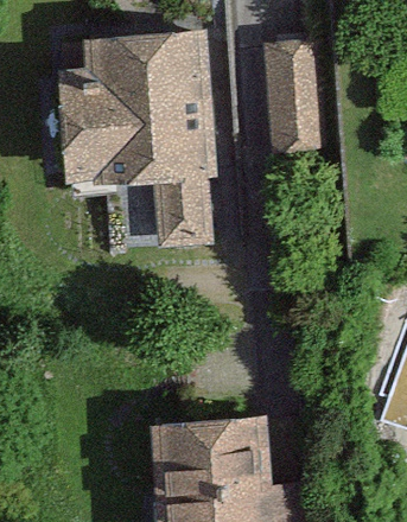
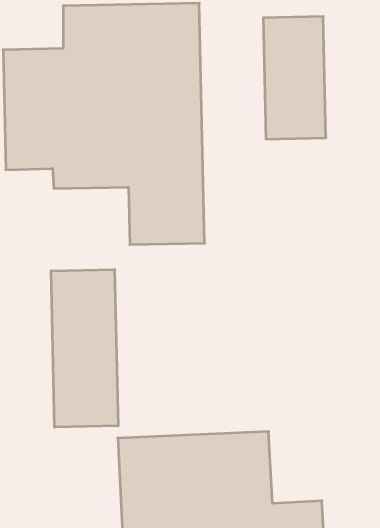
building: none -> [51,269,118,427]

